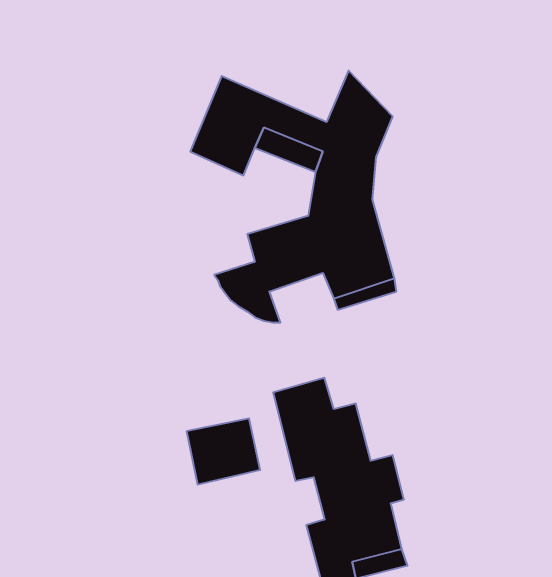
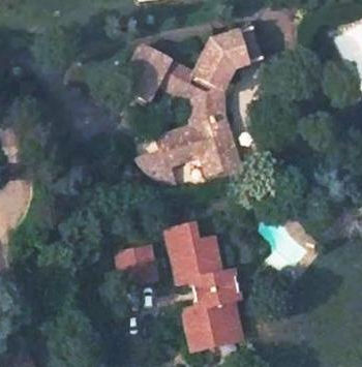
building: none -> [212,30,264,71]

